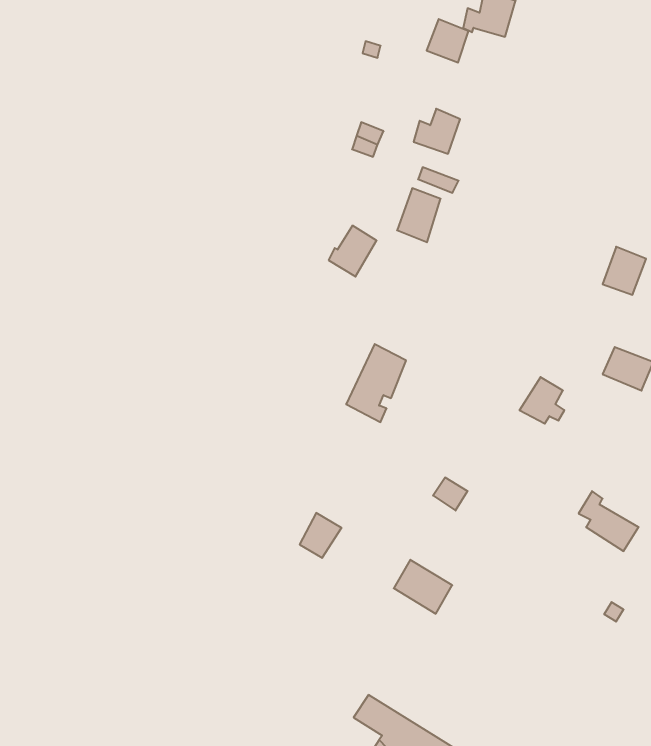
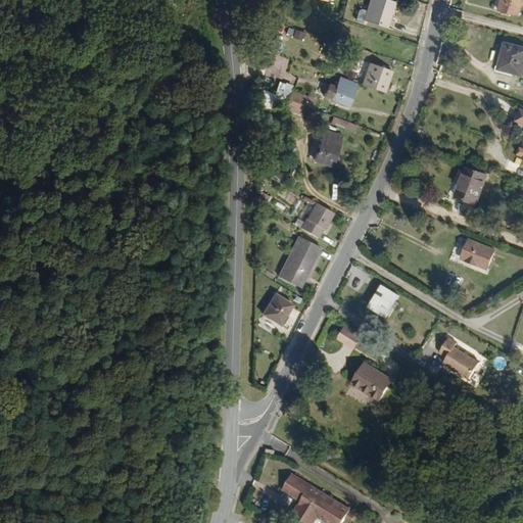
building: [427,19,469,63] -> [363,62,391,92]
building: [329,226,377,277] -> [298,202,331,237]
building: [519,377,564,424] -> [370,287,400,319]
building: [300,513,342,558] -> [265,293,293,324]
building: [394,560,452,614] -> [353,364,393,400]

